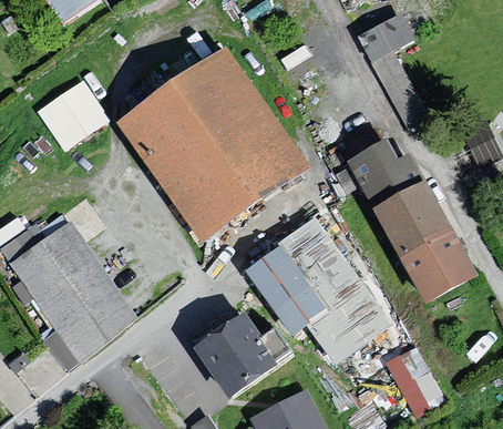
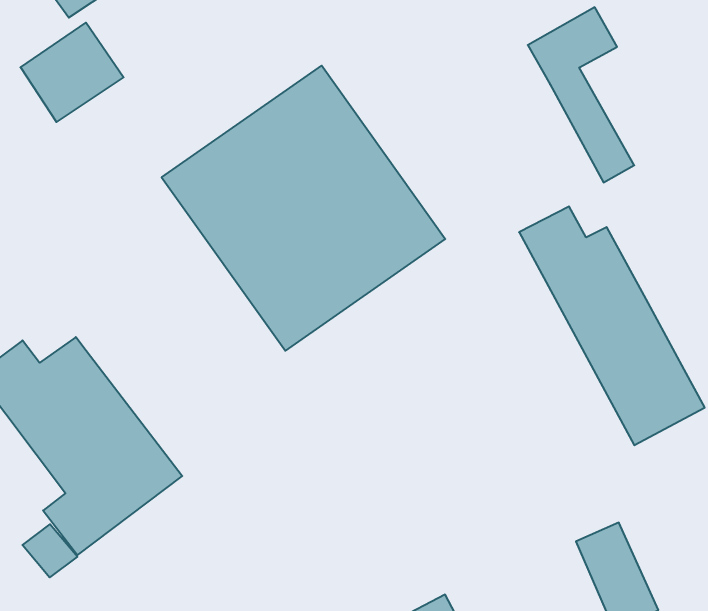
building: [40,82,106,146] -> [20,23,124,122]
building: [249,223,387,357] -> none
building: [197,314,289,392] -> none

